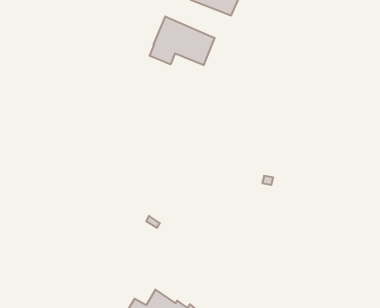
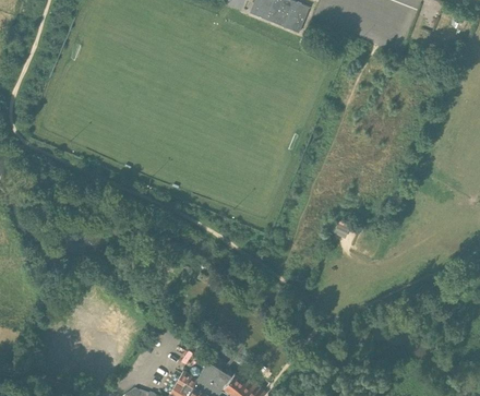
building: [149,16,215,65] -> none

